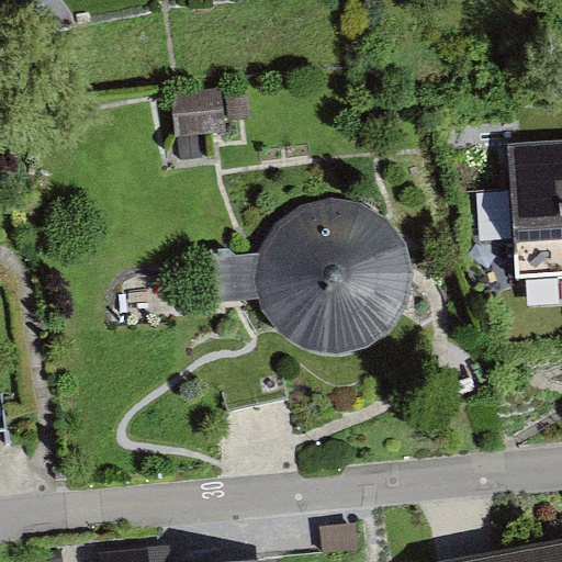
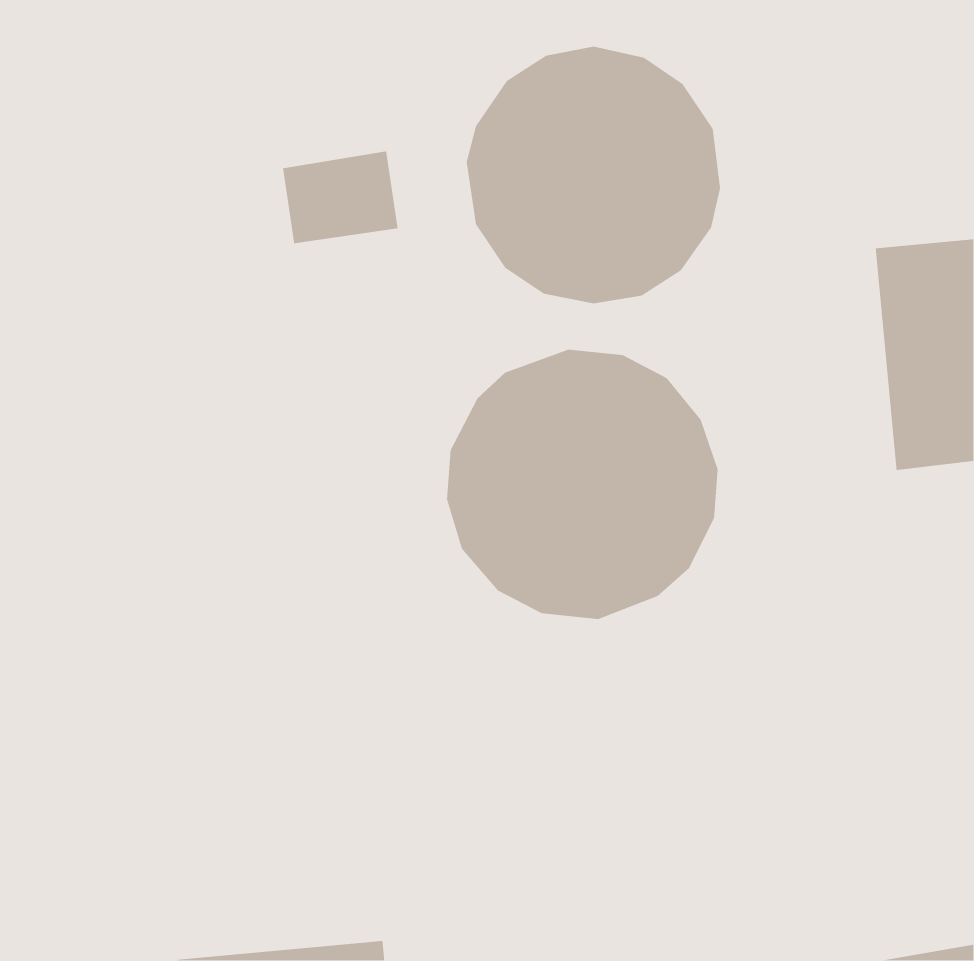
building: none -> [466,46,721,304]

